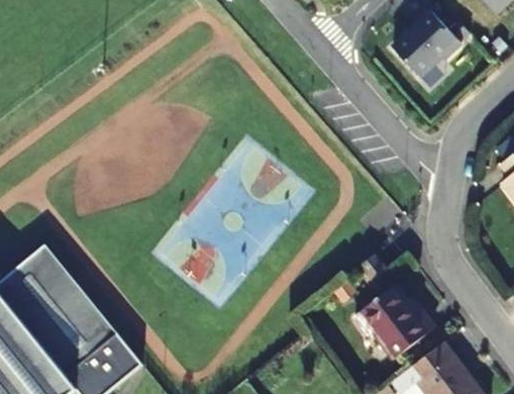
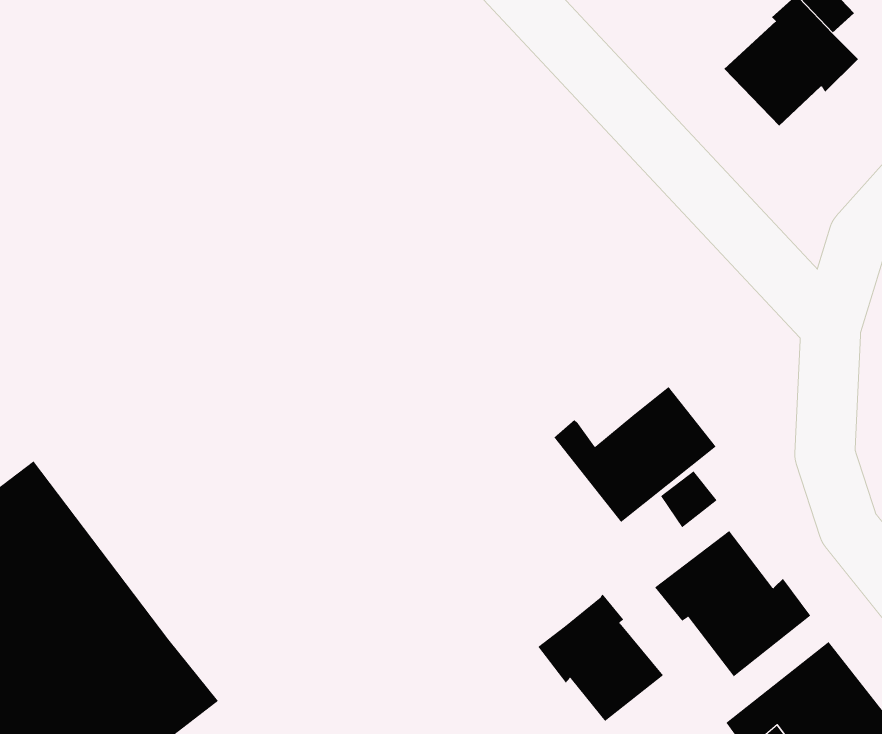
building: none -> [554,386,717,523]
building: none -> [537,593,664,722]

